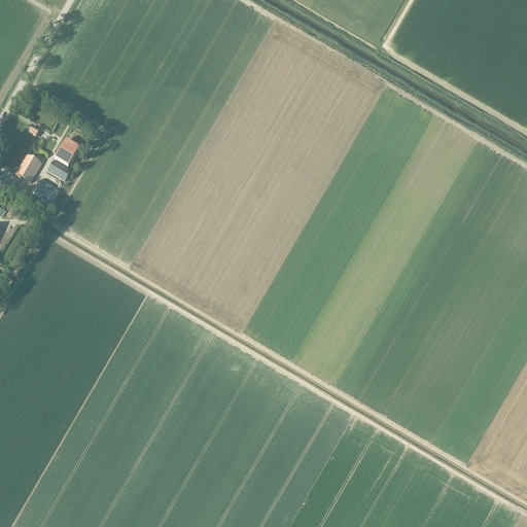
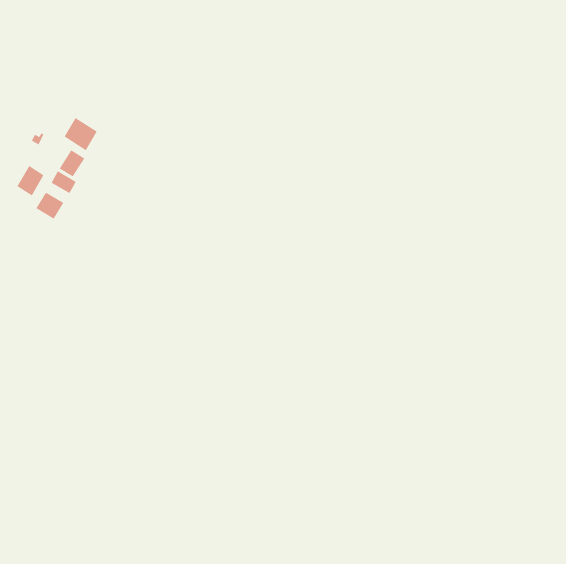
building: none -> [64,117,98,151]

